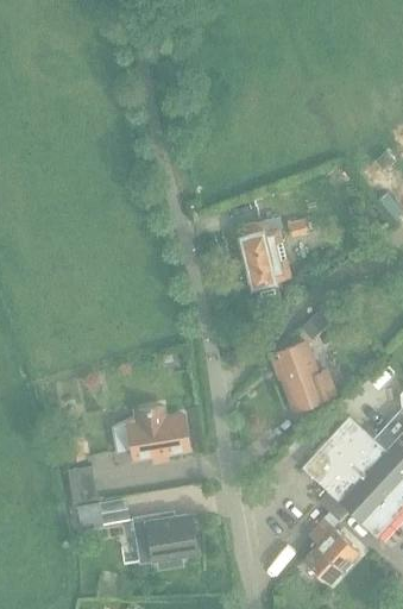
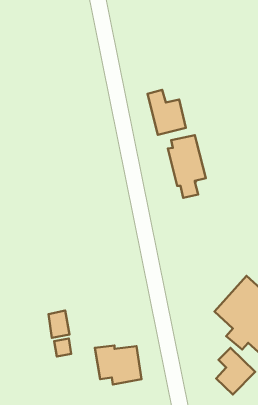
building: none -> [148,90,186,135]
building: [275,341,336,412] -> none
building: [115,406,191,460] -> none

